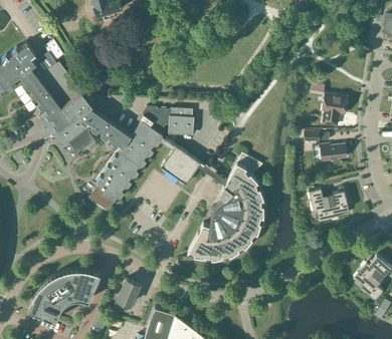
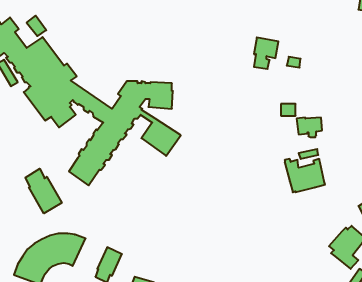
building: [322,93,347,125] -> [254,37,278,69]
building: [187,152,263,260] -> none
building: none -> [25,169,62,213]

